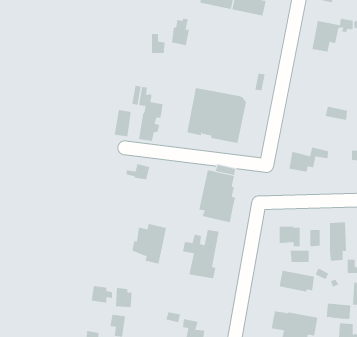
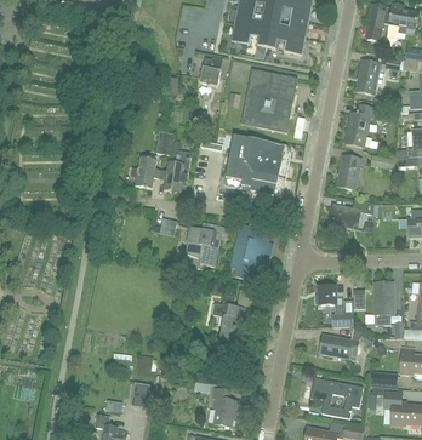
building: none -> [240,68,296,132]
building: none -> [344,104,373,147]
building: none -> [336,155,360,189]
building: [132,223,167,264] -> [183,222,222,267]

